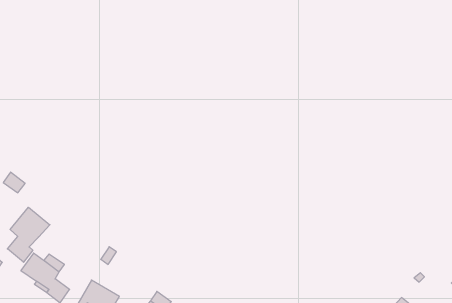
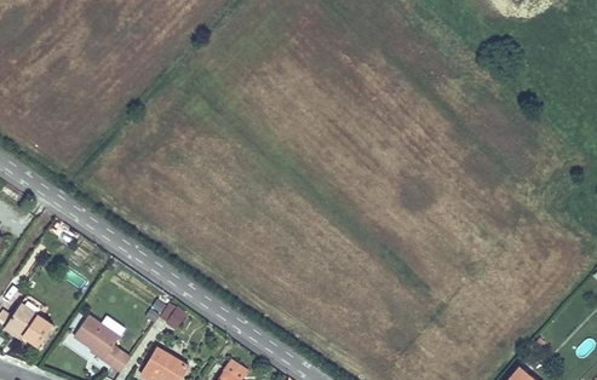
building: [7,207,50,262] -> none

